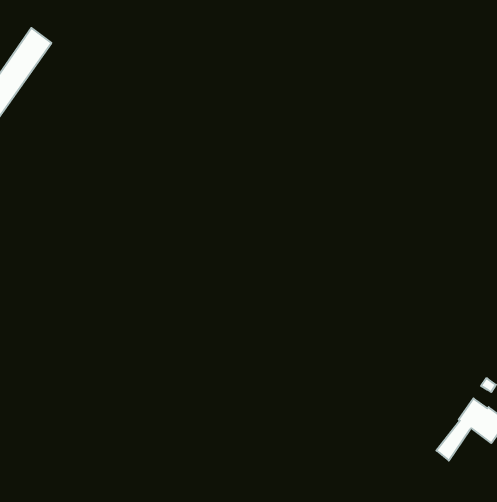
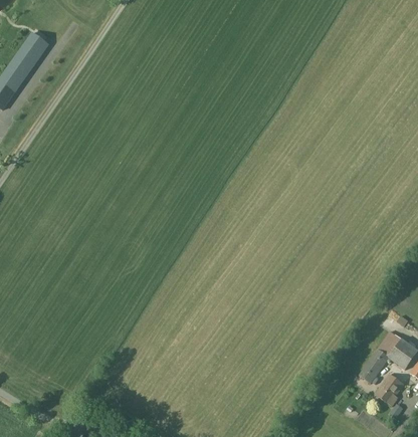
building: none -> [374,372,404,405]

